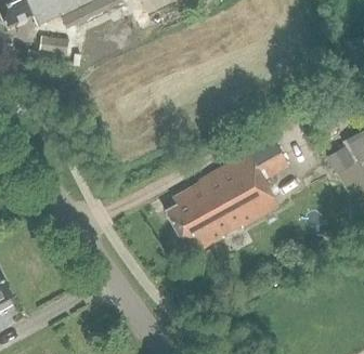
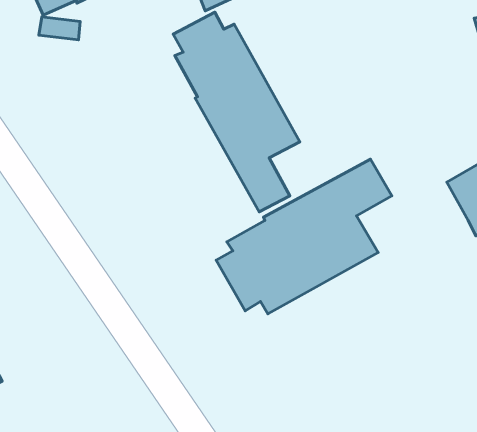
building: none -> [173,12,300,212]

